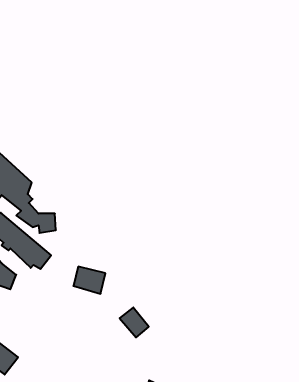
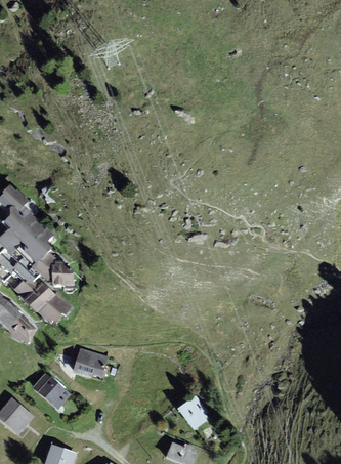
building: [73,267,105,294] -> [75,348,109,377]
building: [120,307,149,337] -> [178,395,209,427]
building: none -> [30,373,68,408]

